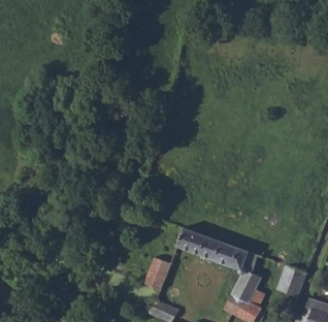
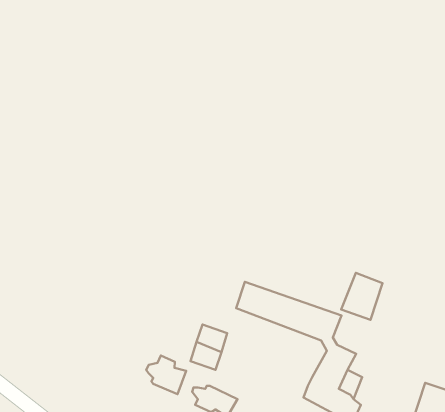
building: [277,264,306,297] -> [341,273,382,320]
building: none -> [146,356,186,394]

